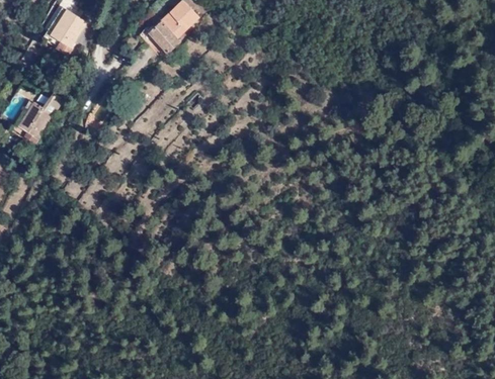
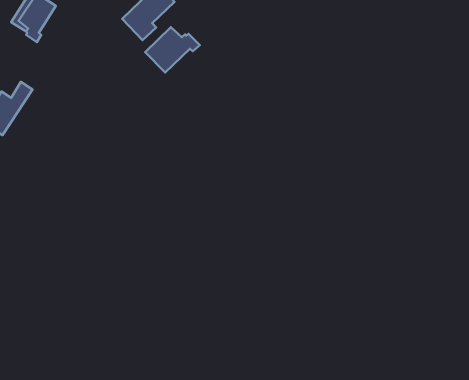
building: none -> [145,27,200,72]

